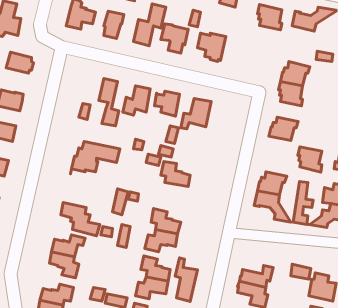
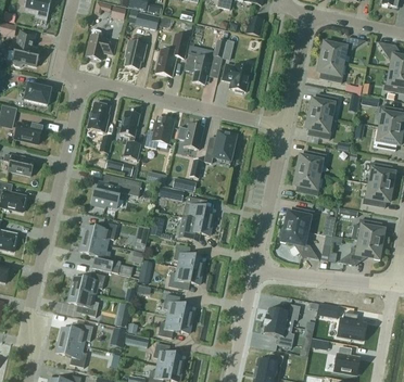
building: [258,5,282,30] -> [317,55,342,81]
building: none -> [87,102,110,131]
building: [298,147,322,172] -> [293,169,318,195]
building: none -> [178,217,212,239]
building: none -> [83,221,117,243]
building: [175,258,198,301] -> none

